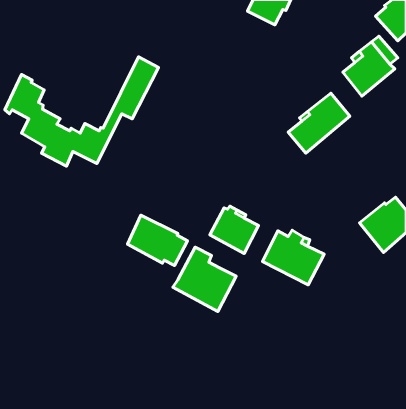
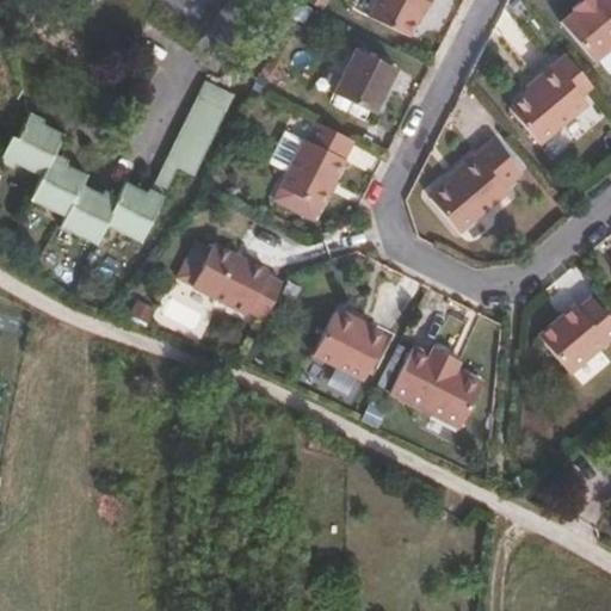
building: none -> [332,50,397,116]
building: none -> [282,123,354,210]
building: [127,215,187,266] -> [192,242,282,317]
building: [173,247,236,311] -> none

